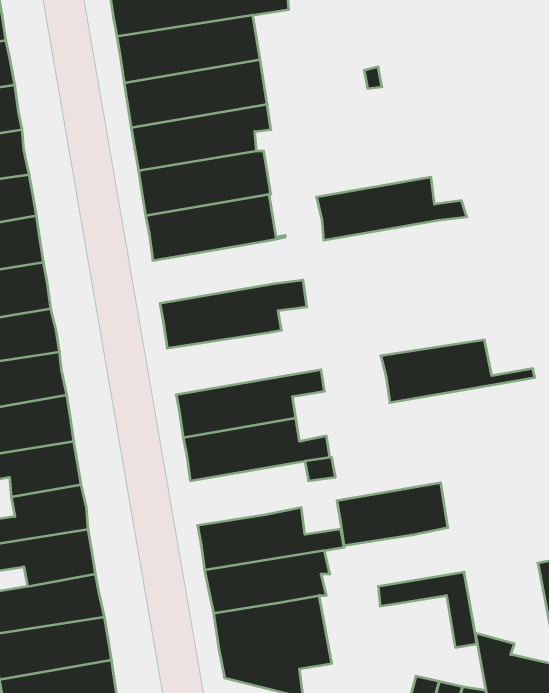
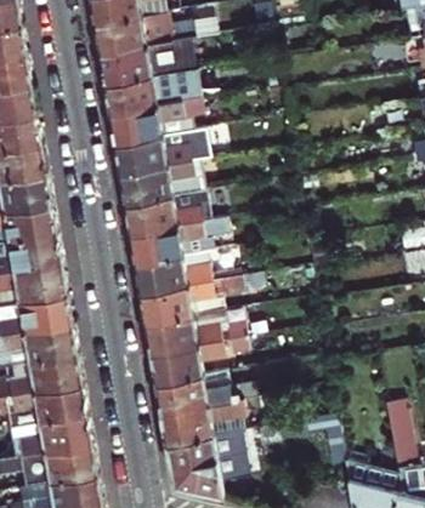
building: [316,177,467,240] -> [124,190,226,233]
building: [381,340,535,403] -> [134,252,238,295]
building: [337,483,448,545] -> [149,341,225,383]

